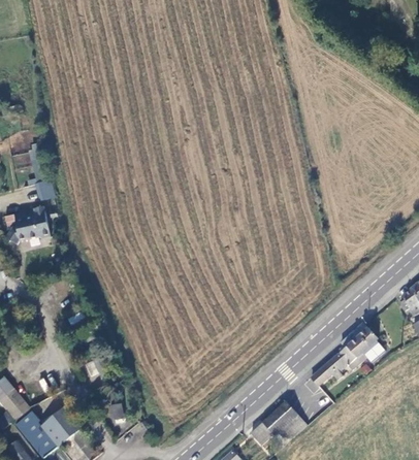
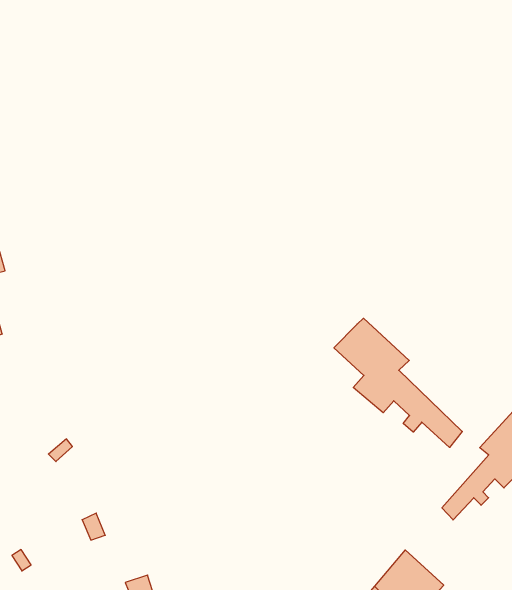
building: none -> [334,318,462,447]

